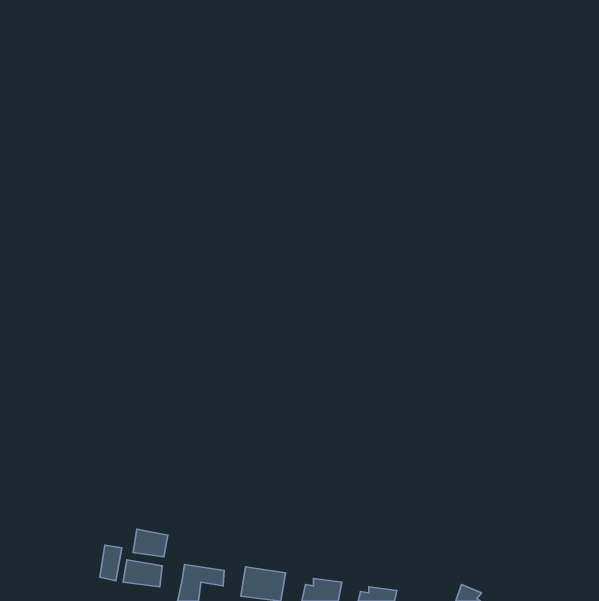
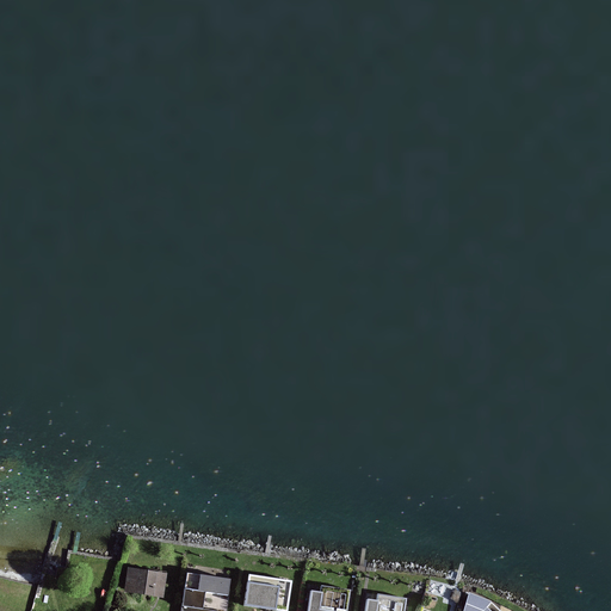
building: [133,529,168,557] -> none
building: [100,545,122,581] -> none

